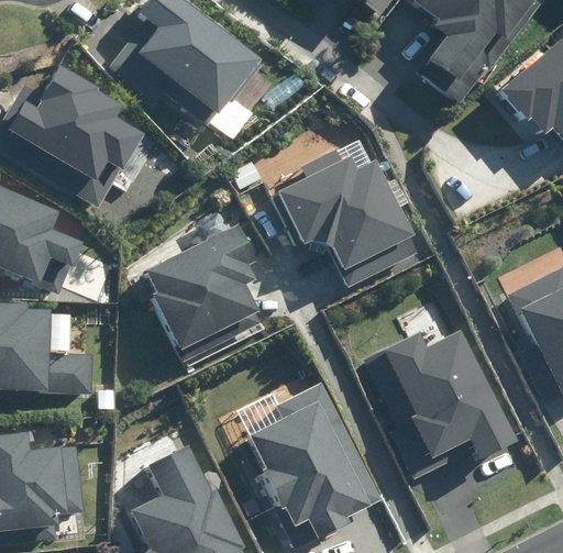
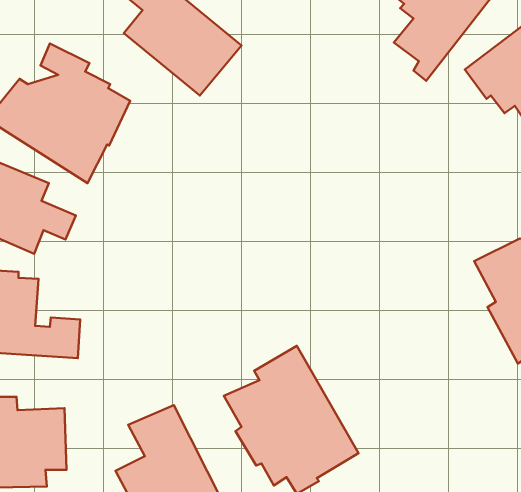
building: [276,136,412,273] -> none
building: [139,226,262,354] -> none
building: [379,328,520,468] -> none

